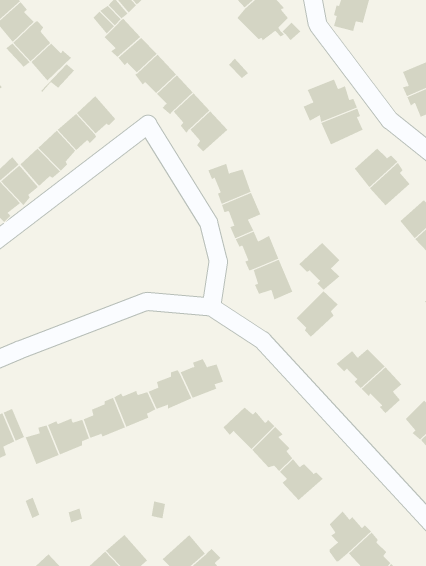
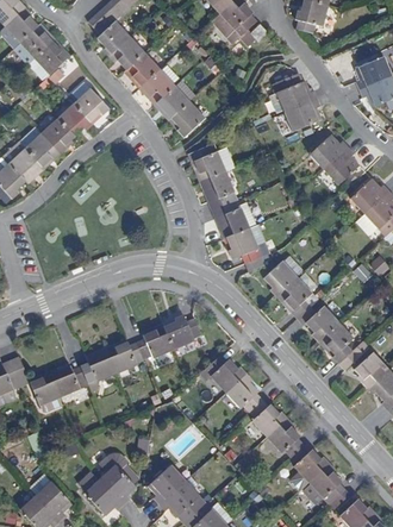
building: [299,242,340,291] -> [276,277,312,319]
building: none -> [266,418,304,457]

